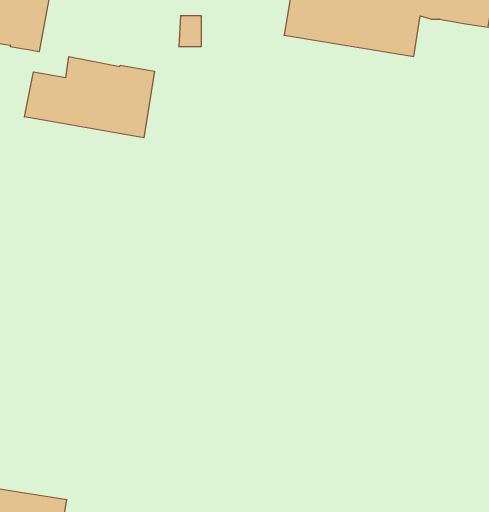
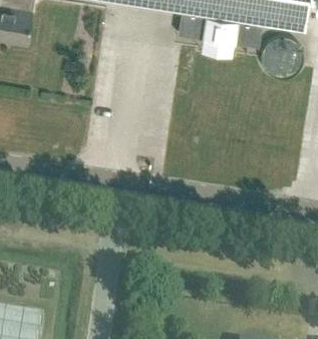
building: [24,57,154,138] -> none

